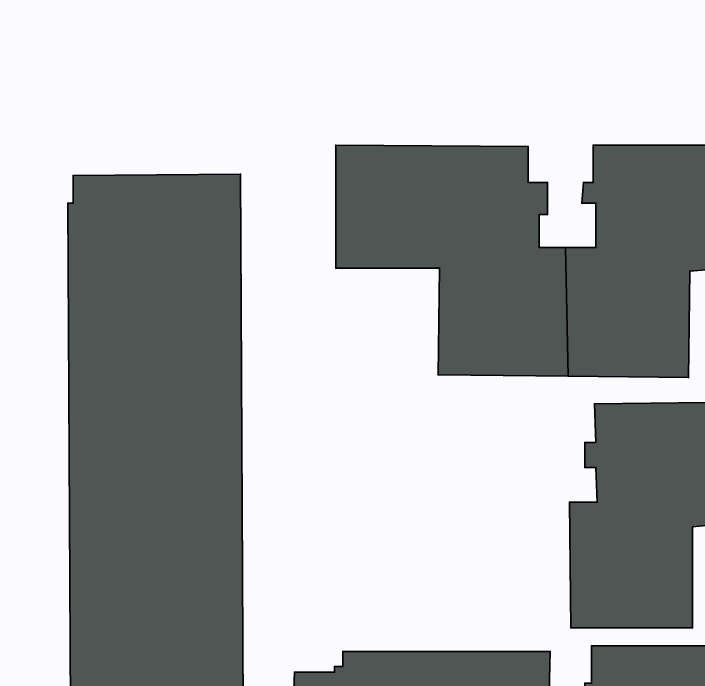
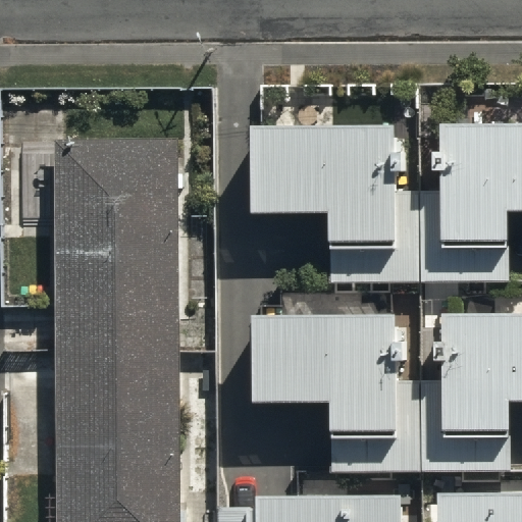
building: none -> [251,309,422,479]

